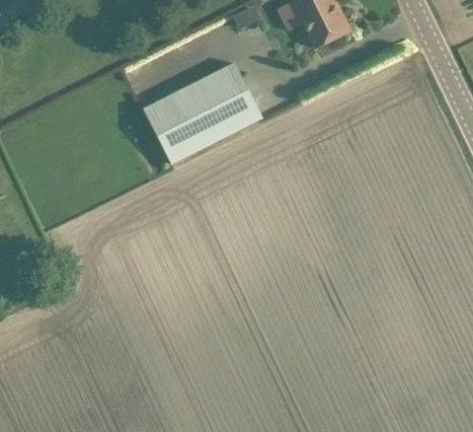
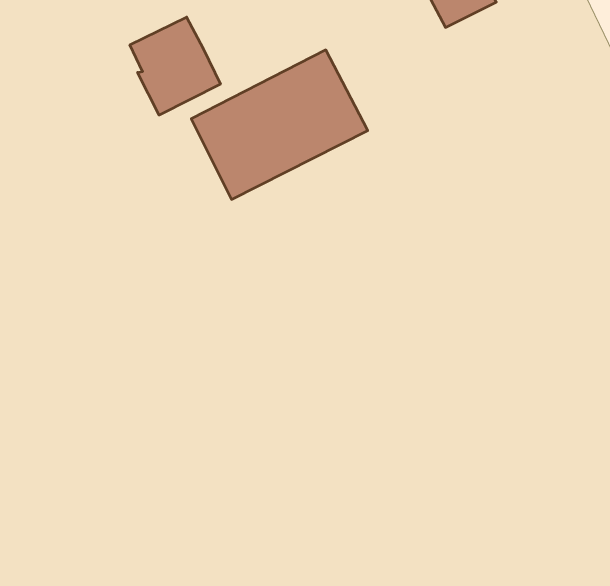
building: none -> [130,17,220,115]

